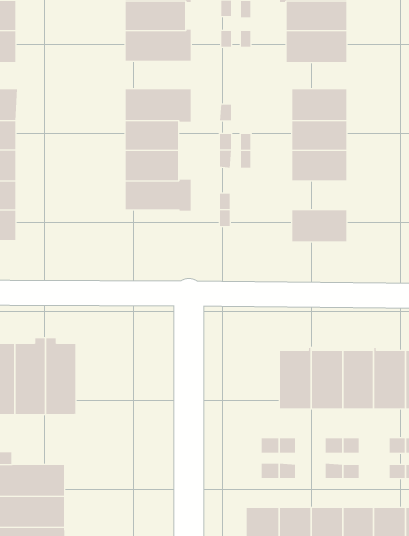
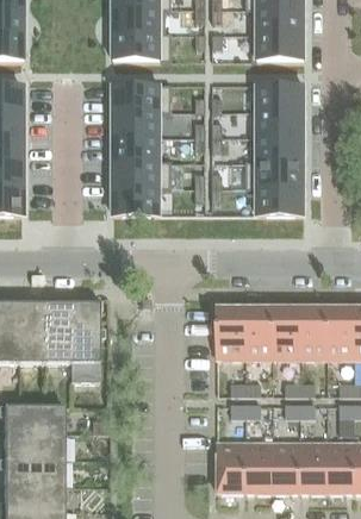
building: none -> [247,161,305,188]
building: none -> [113,187,161,214]
building: none -> [71,296,100,380]
building: none -> [218,305,247,357]

